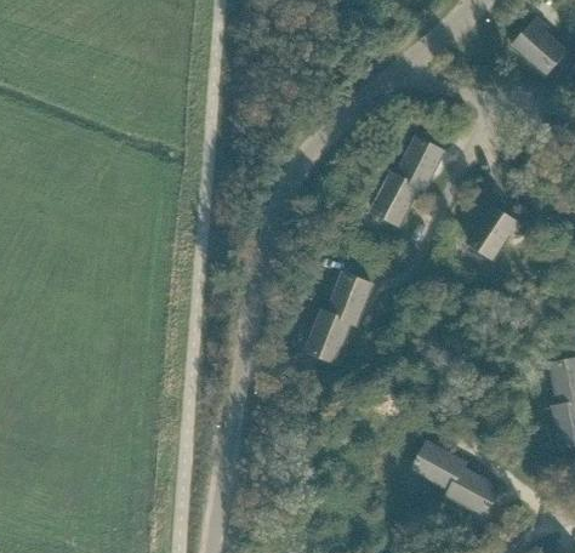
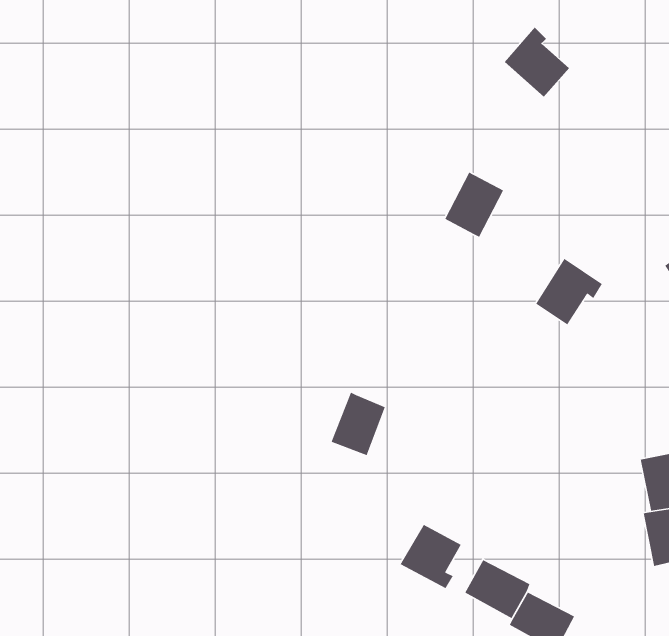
building: [512,19,564,75] -> [504,27,570,97]
building: [371,173,419,226] -> none
building: [326,274,371,325] -> none
building: none -> [400,524,462,589]

